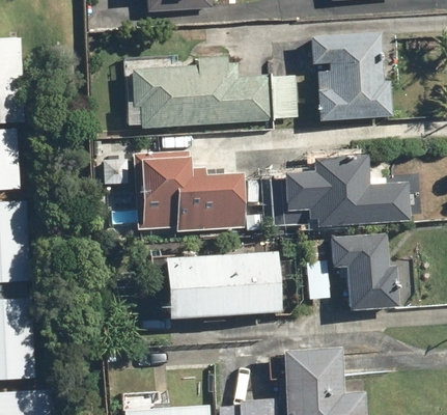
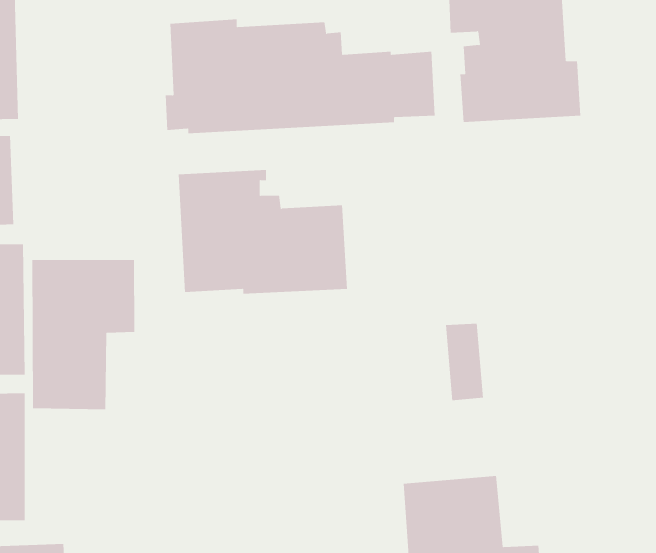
building: [269,155,410,227] -> none
building: none -> [32,259,135,410]
building: [327,233,396,309] -> none
building: [148,252,277,319] -> none

